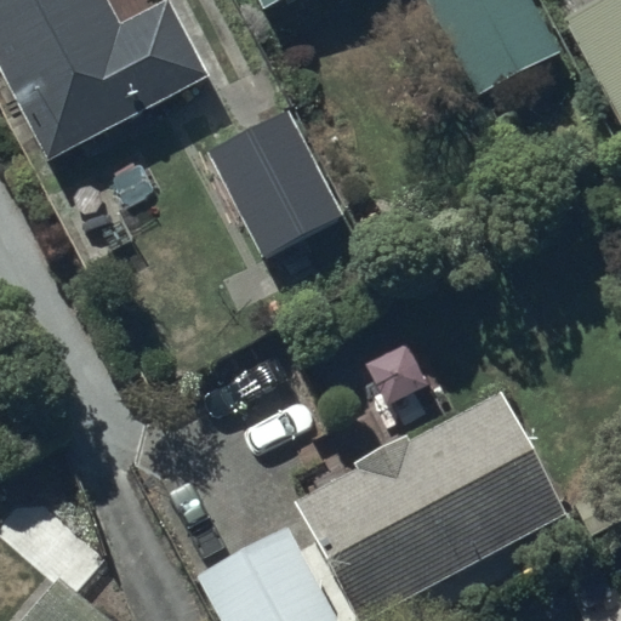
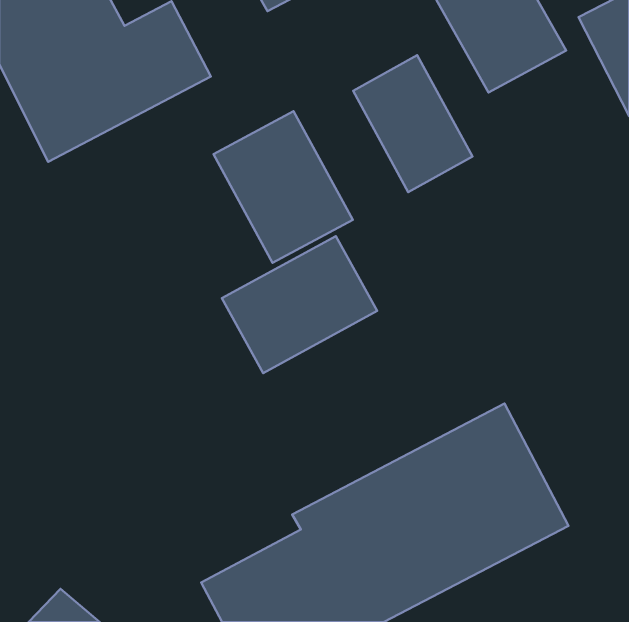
building: none -> [353,55,473,192]
building: none -> [222,236,377,373]

